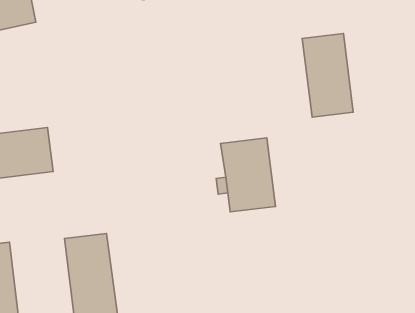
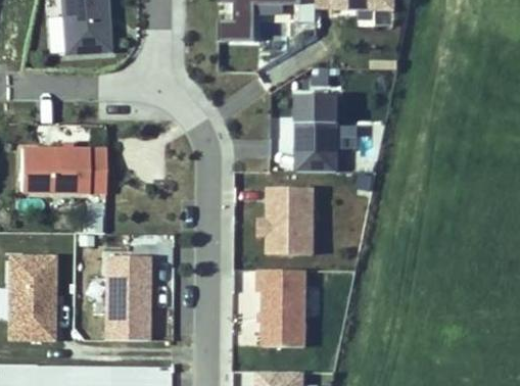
building: [302,33,353,117] -> [298,95,338,172]
building: none -> [262,271,309,347]

